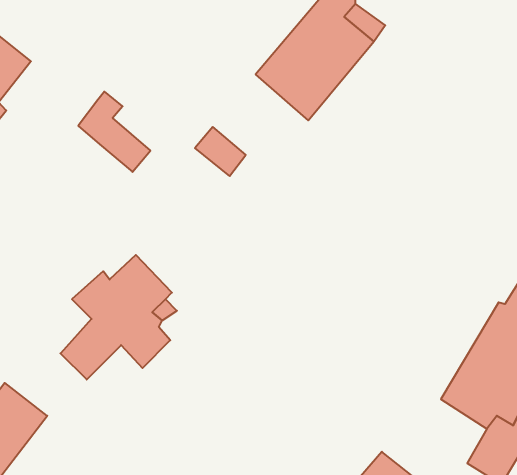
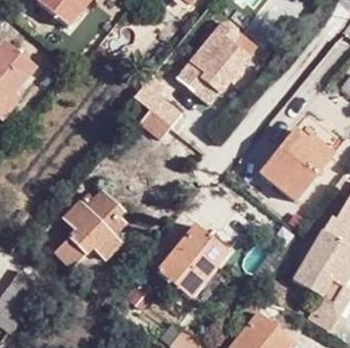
building: [78,92,150,172] -> [137,77,182,127]
building: none -> [258,128,335,202]
building: none -> [157,223,229,298]

